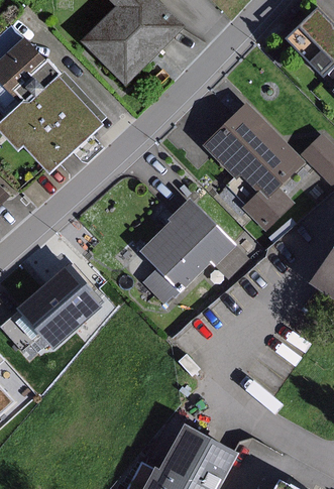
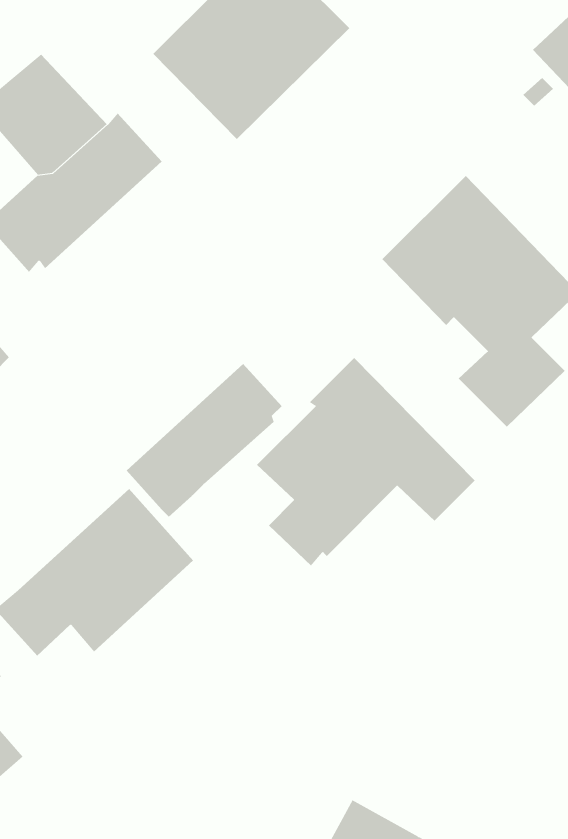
building: [28,95,109,174] -> [126,363,282,518]

